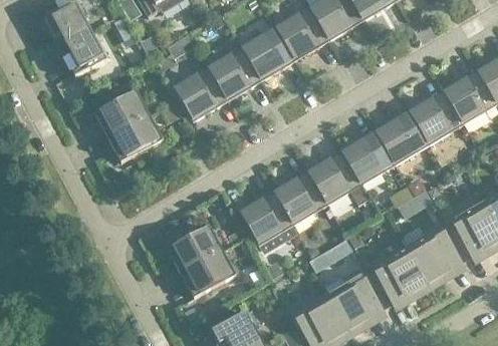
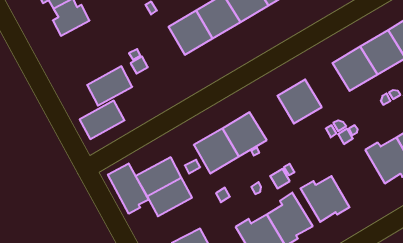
building: [172,65,227,120] -> none
building: [94,89,150,136] -> [80,101,125,139]
building: [375,109,429,163] -> none
building: [306,149,369,204] -> none
building: [407,222,462,286] -> none
building: none -> [108,163,149,214]

